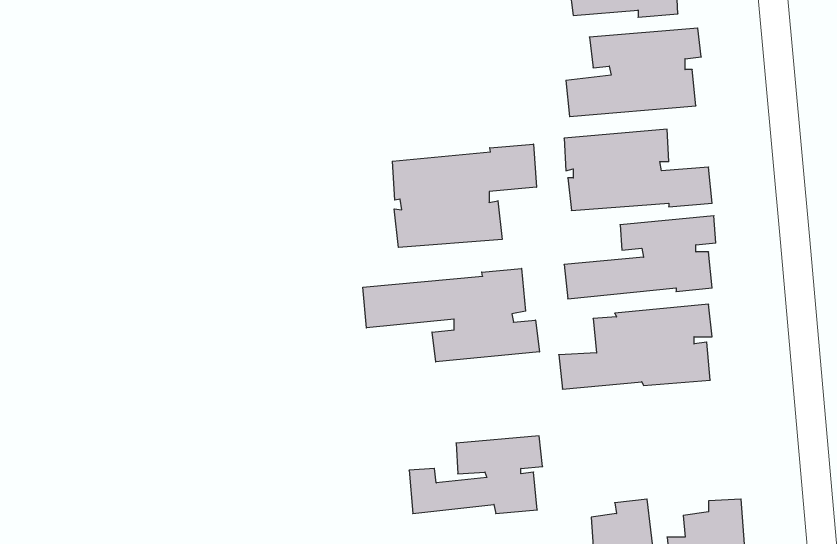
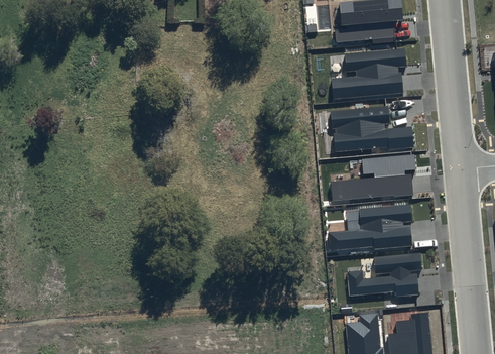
building: [392,144,536,247] -> none
building: [363,268,539,362] -> none
building: [409,436,543,514] -> [347,253,421,297]

